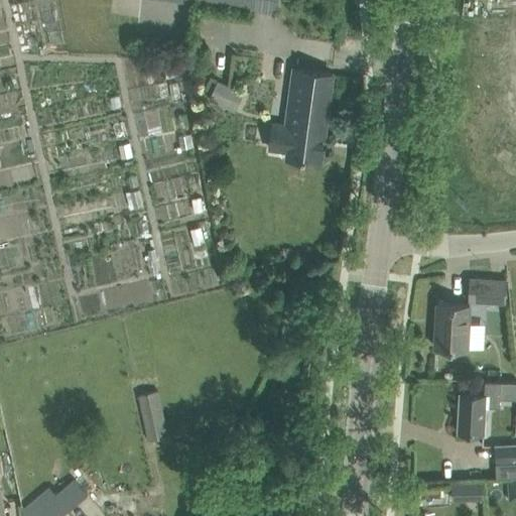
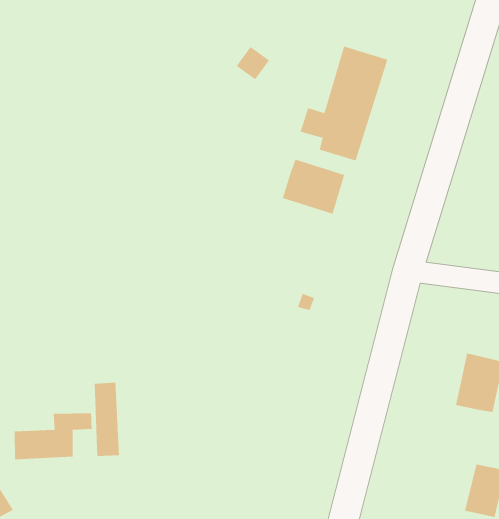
building: none -> [282,159,345,214]
building: none -> [14,413,92,460]

